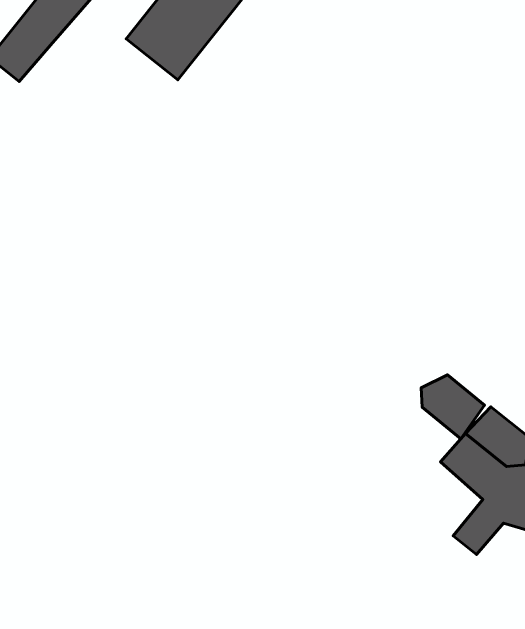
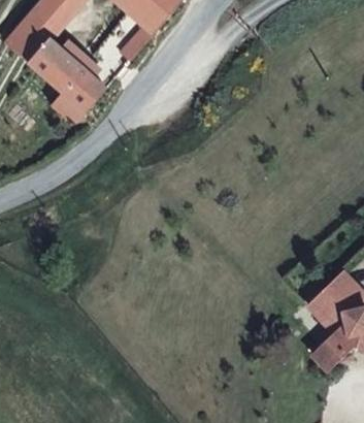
building: none -> [28,36,108,120]
building: [421,375,485,439] -> none

